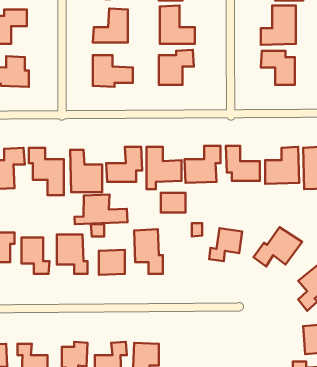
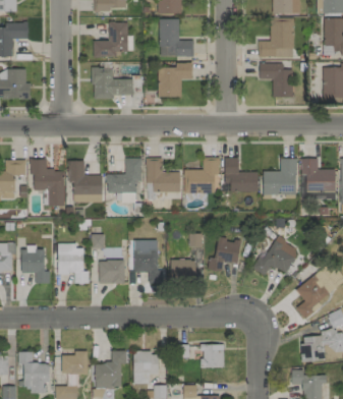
building: [161,193,186,212] -> [170,260,194,279]
building: [74,195,127,224] -> none
building: none -> [201,344,224,367]

